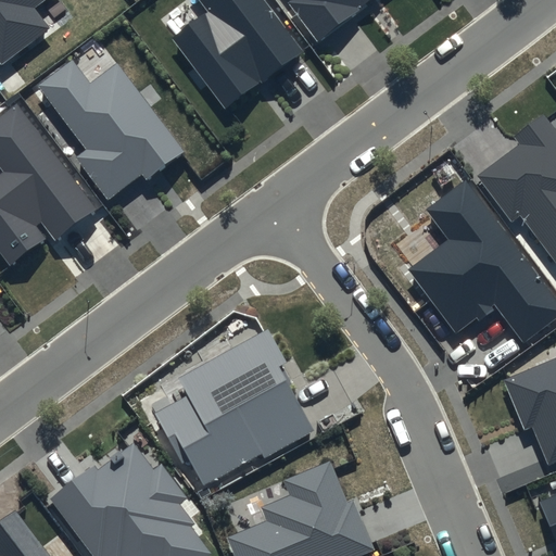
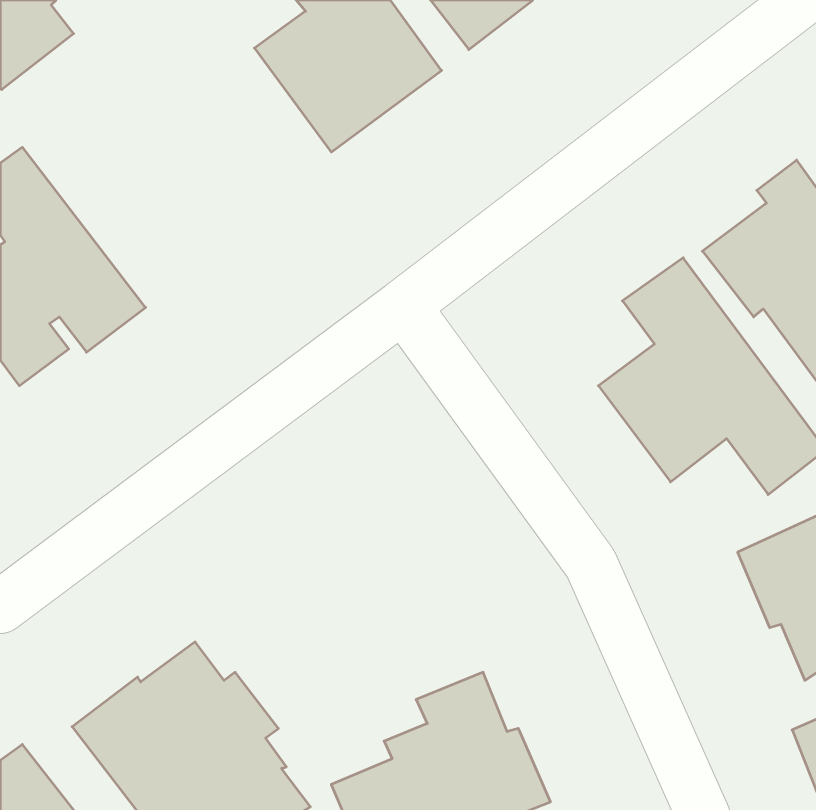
building: [36,59,188,200] -> none
building: [153,327,314,484] -> none

